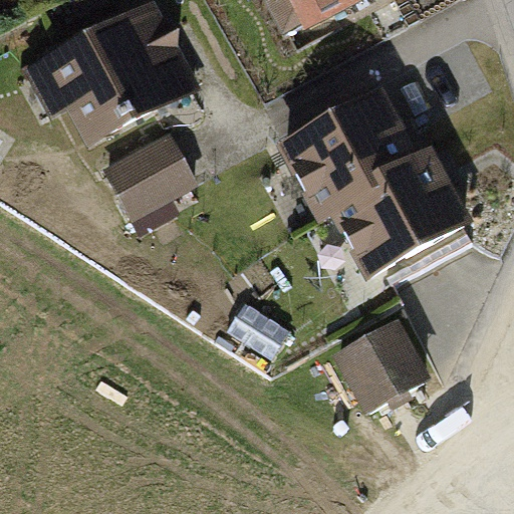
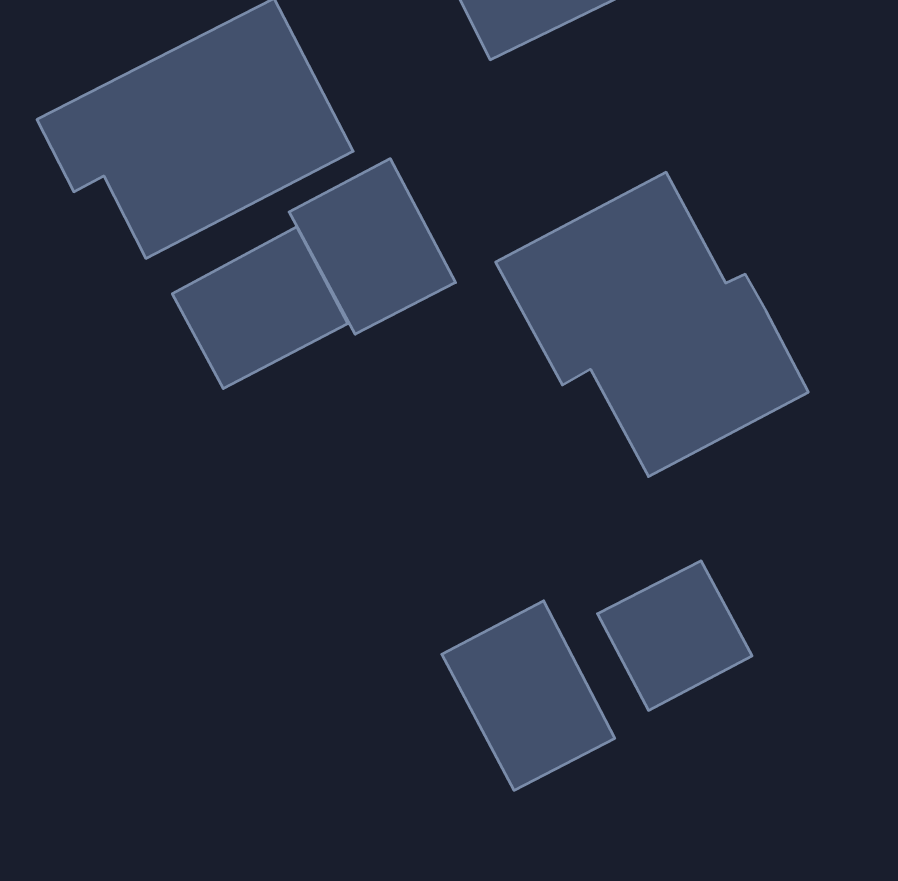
building: none -> [289,159,456,334]
building: none -> [442,601,615,790]

